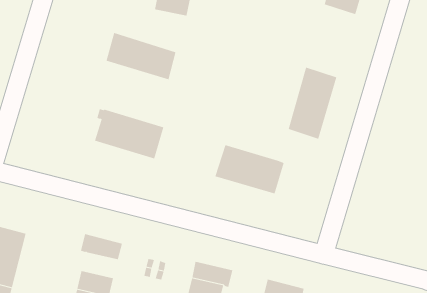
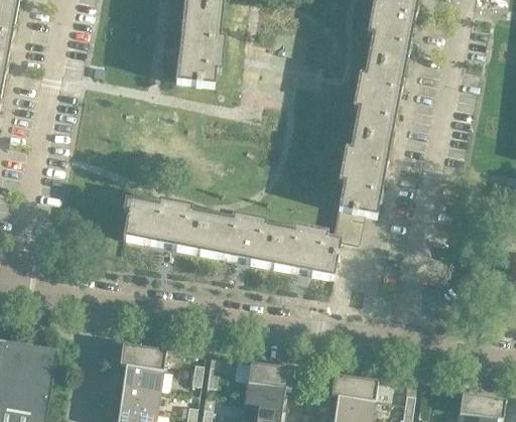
building: none -> [353,56,404,137]
building: [106,32,176,80] -> none
building: none -> [192,213,270,263]
building: none -> [333,201,376,244]
building: none -> [121,363,162,389]

